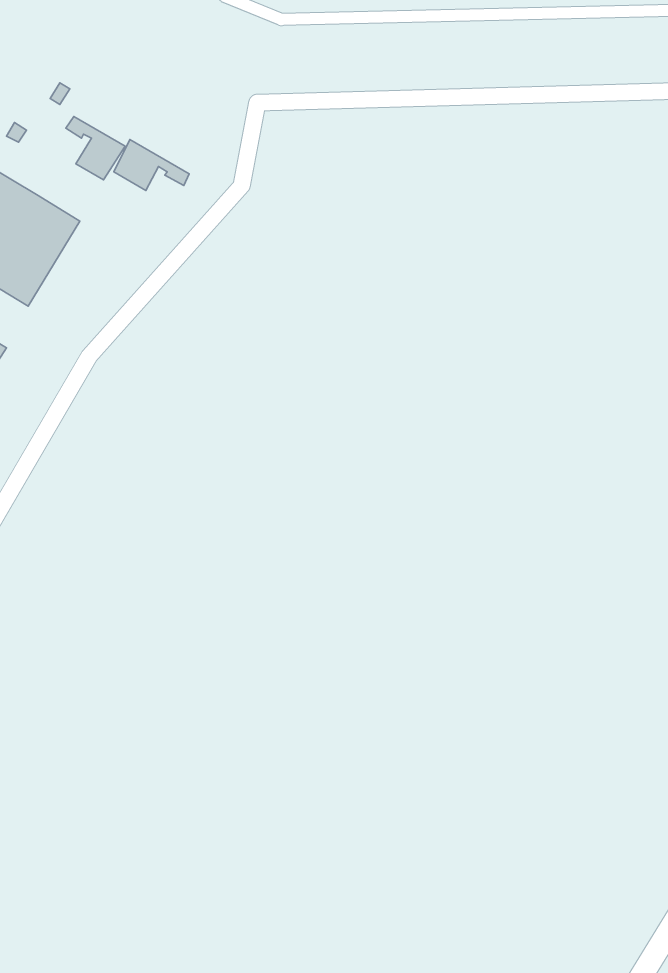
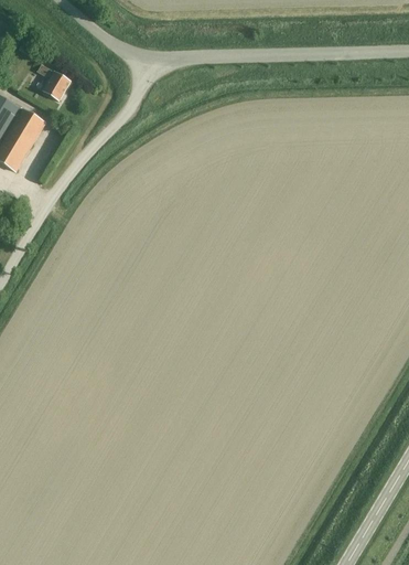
building: [114,140,189,190] -> none

